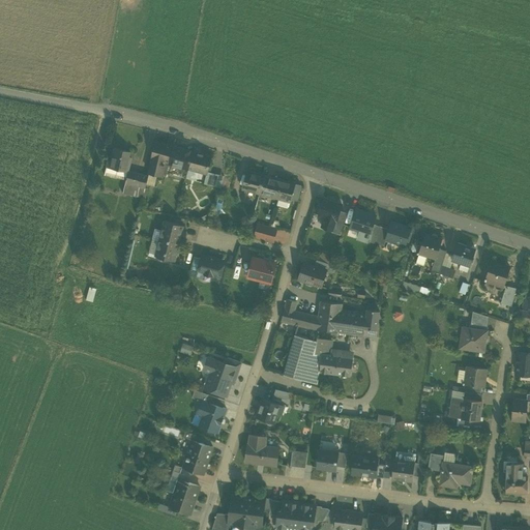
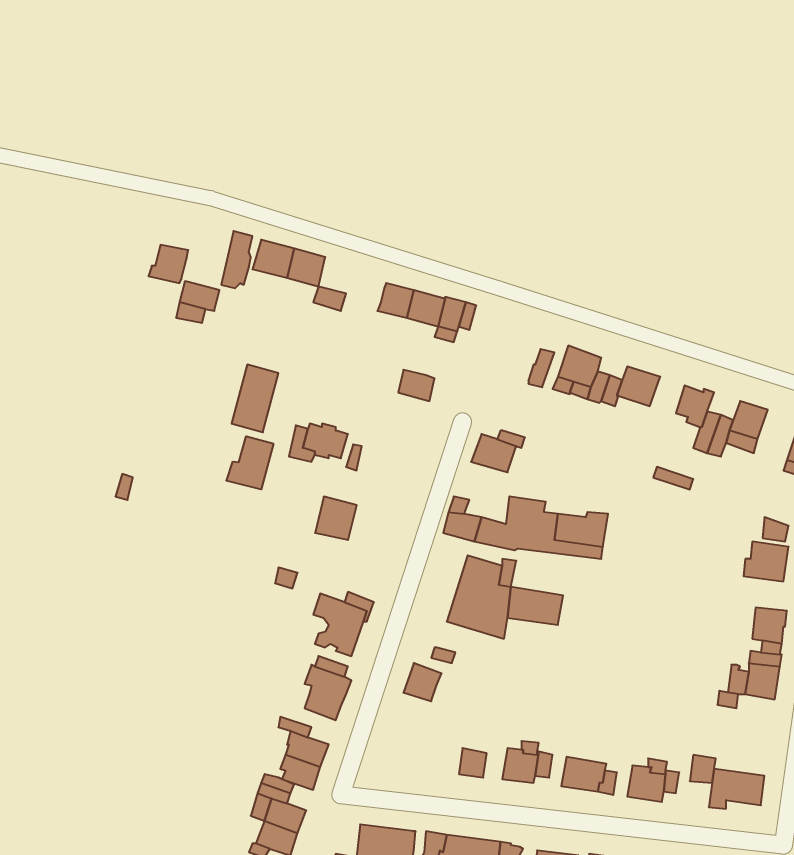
building: [317,199,341,230] -> none
building: [249,258,274,284] -> [315,497,357,540]
building: none -> [226,436,273,489]
building: [244,434,278,465] -> none

